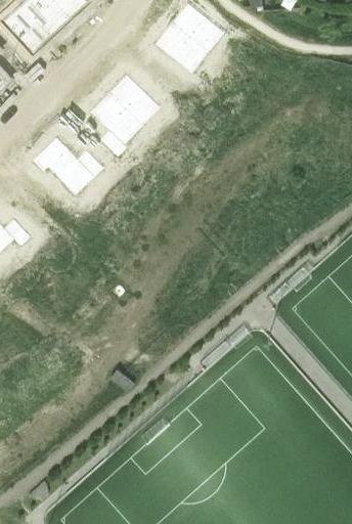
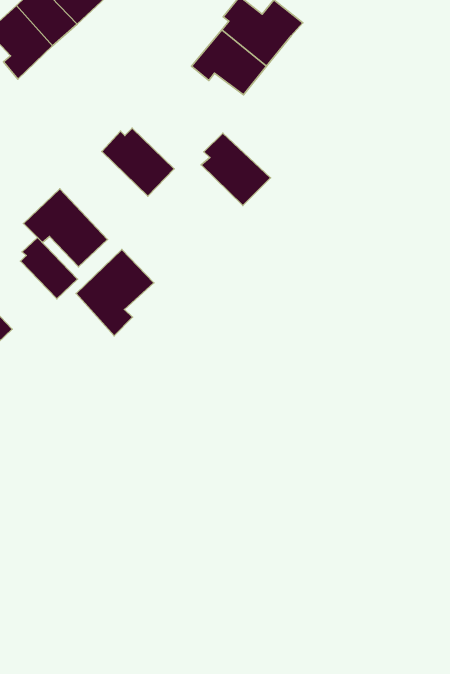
building: [109,72,159,123] -> [201,133,270,205]
building: none -> [21,238,78,299]
building: none -> [76,250,154,336]

